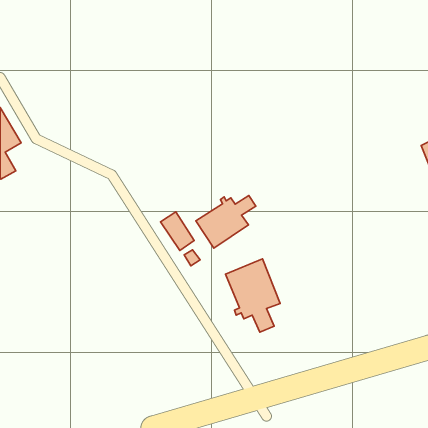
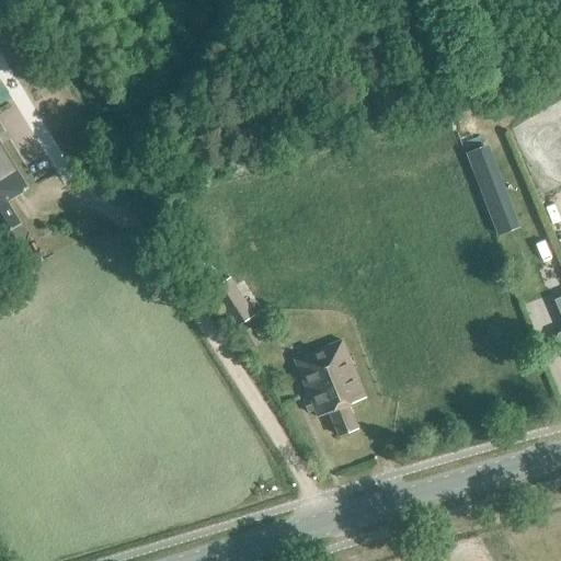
building: none -> [468,148,519,238]
building: [196,196,256,248] -> none

